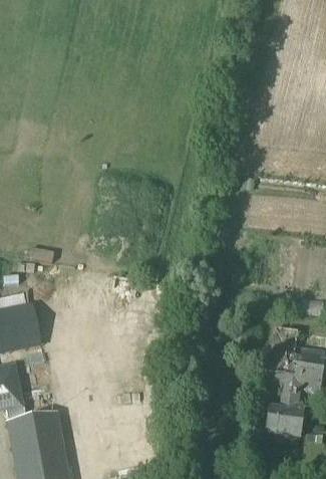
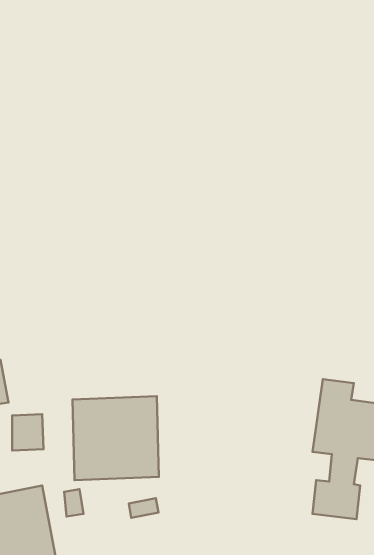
building: none -> [72,396,159,480]

